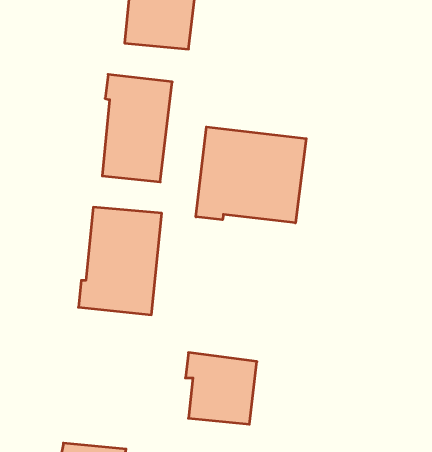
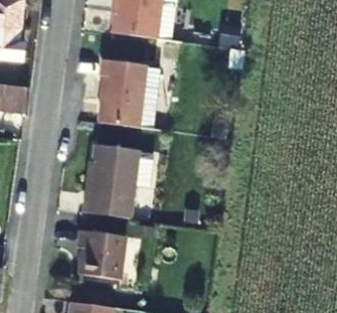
building: [196,127,306,223] -> none
building: [185,353,257,424] -> [77,229,126,278]

